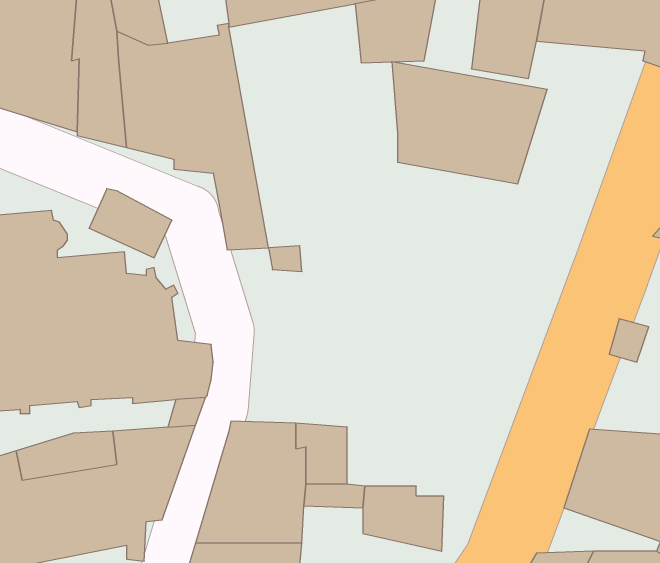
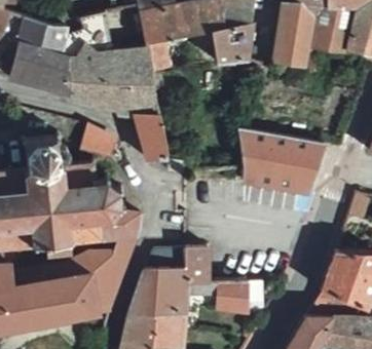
building: [392,62,547,184] -> [239,132,321,196]

